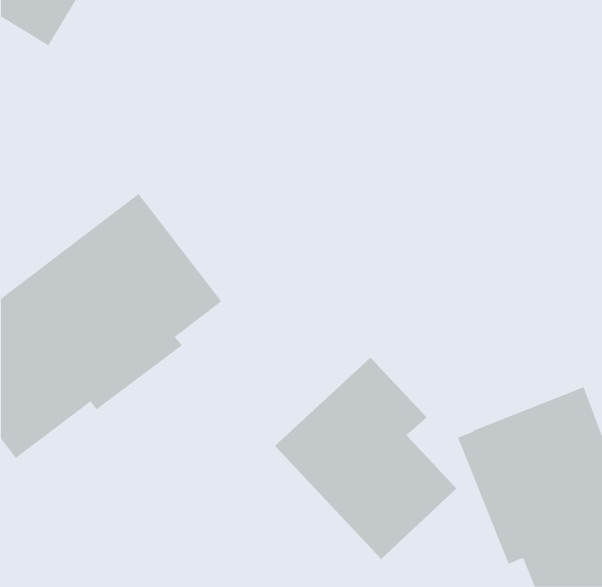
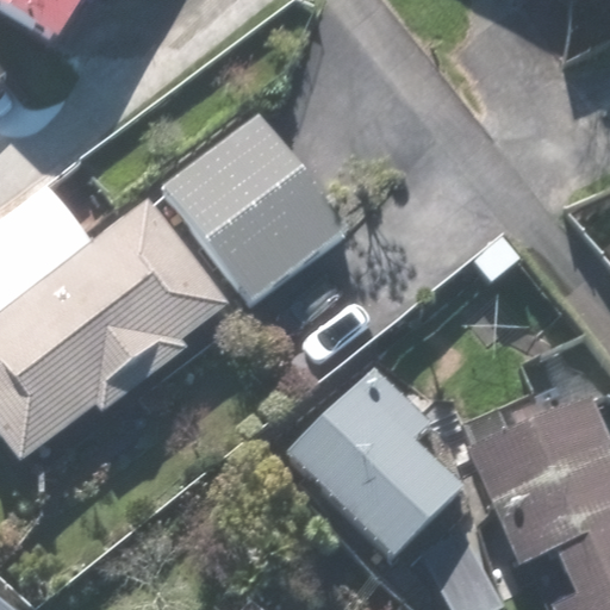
building: none -> [157,106,348,303]

